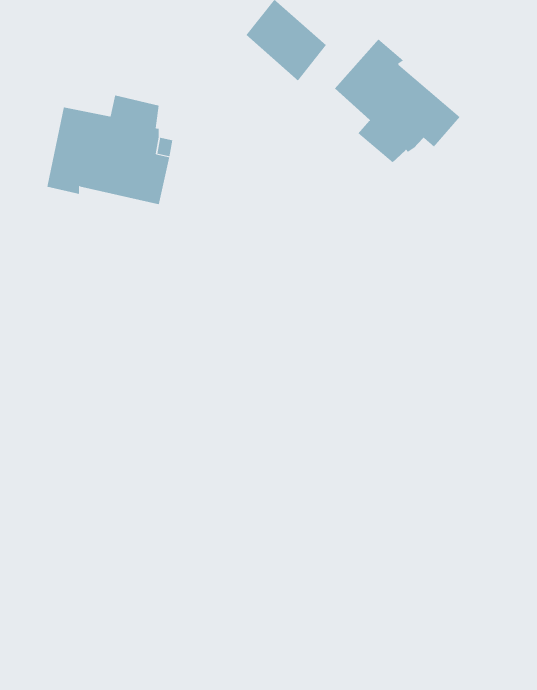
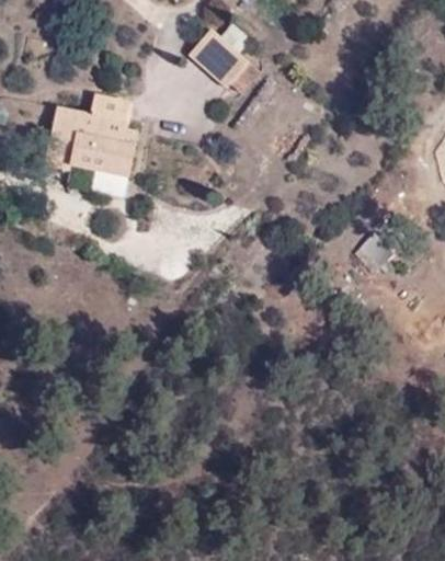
building: [334,39,460,163] -> none

